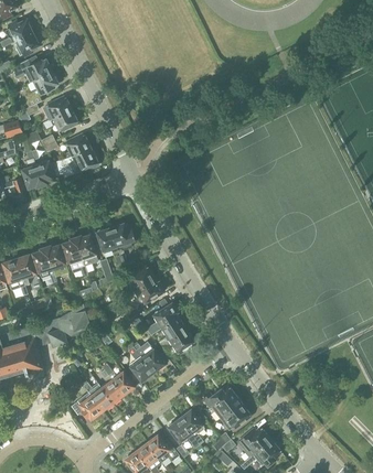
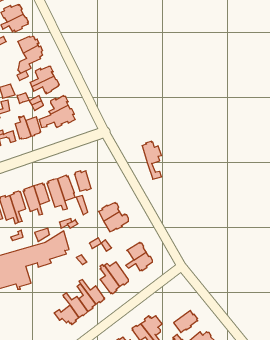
building: [110,223,135,270] -> [142,141,162,179]
building: [146,299,178,335] -> none
building: [203,387,241,418] -> none

